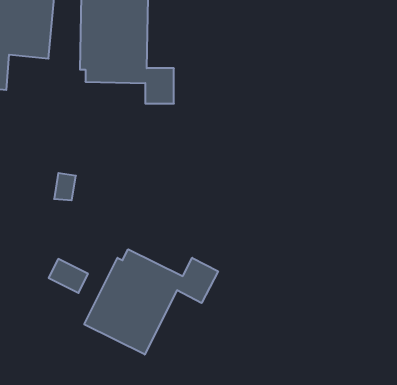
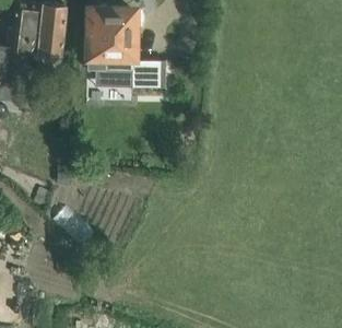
building: [84,249,218,355] -> none

